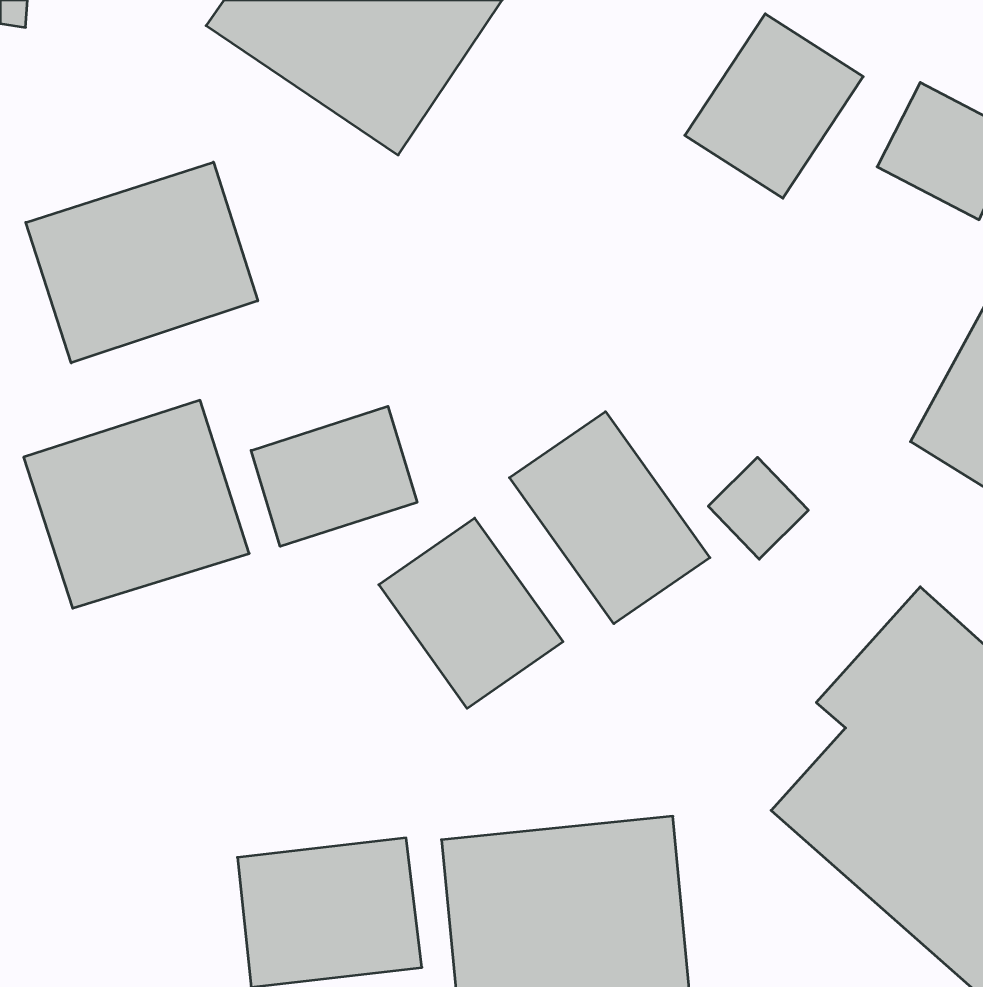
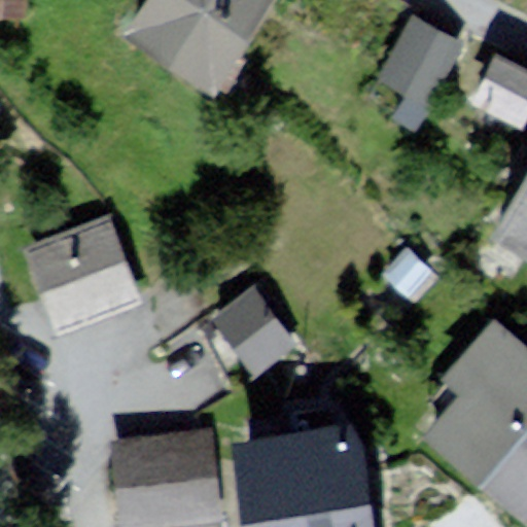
building: [26,162,258,363] -> none
building: [251,406,417,546] -> none
building: [509,412,710,624] -> none

